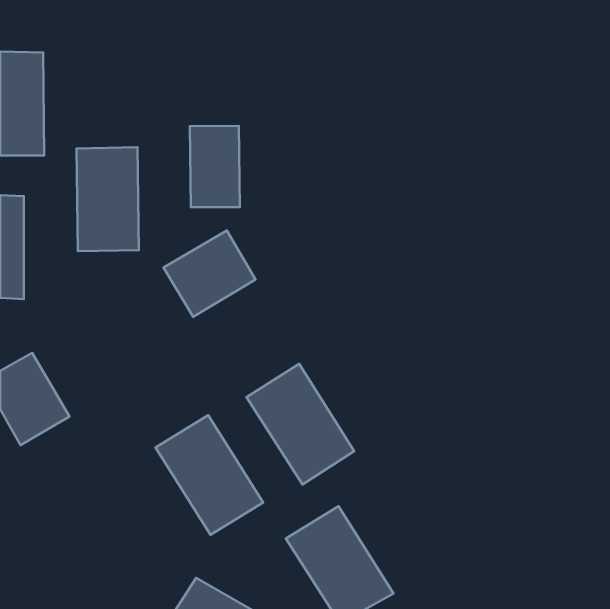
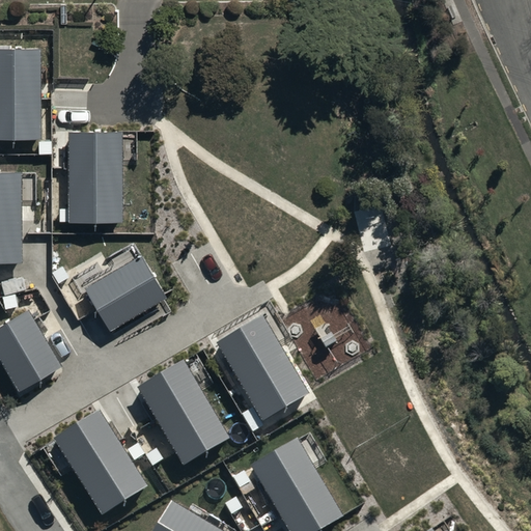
building: [190,126,240,207] -> none
building: [163,231,255,317] -> [85,254,165,329]
building: none -> [53,411,146,515]

